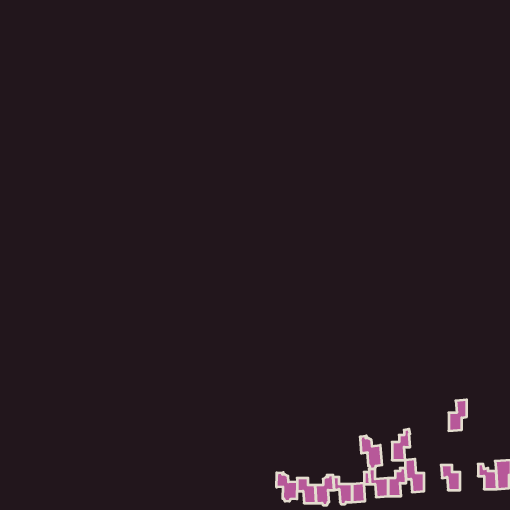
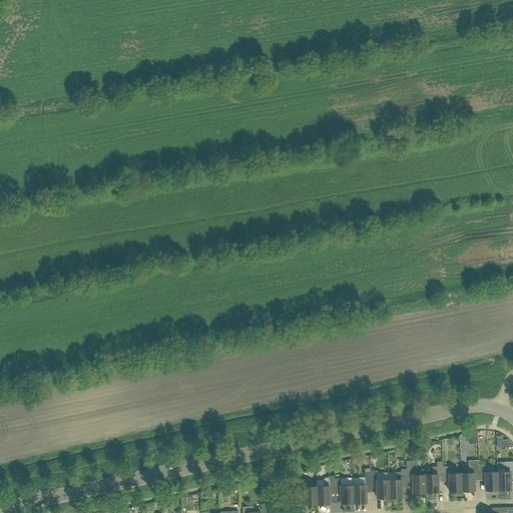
building: [449,400,467,431] -> [462,461,480,492]
building: [392,429,410,460] -> [426,462,444,493]
building: [360,436,382,469] -> none
building: [277,472,297,501] -> none

